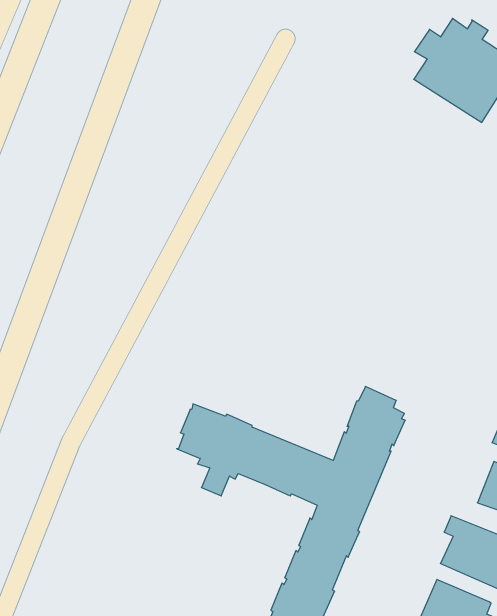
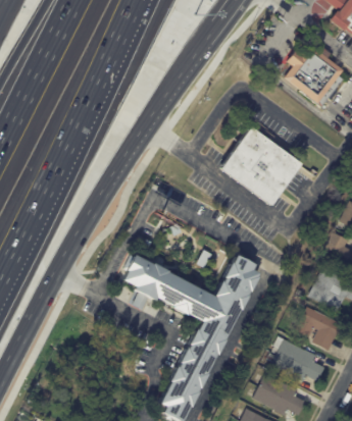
building: none -> [218,124,301,205]

